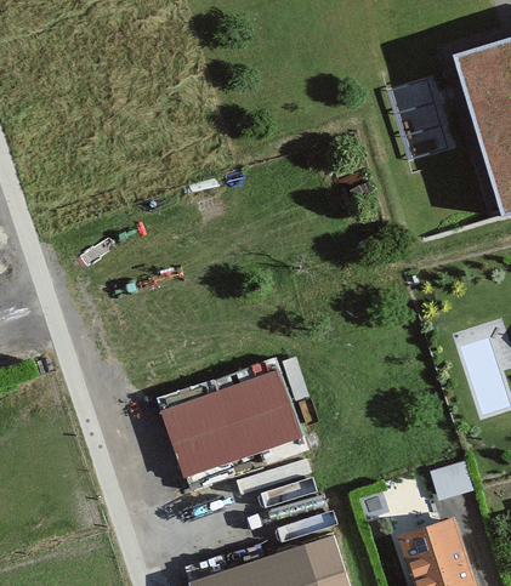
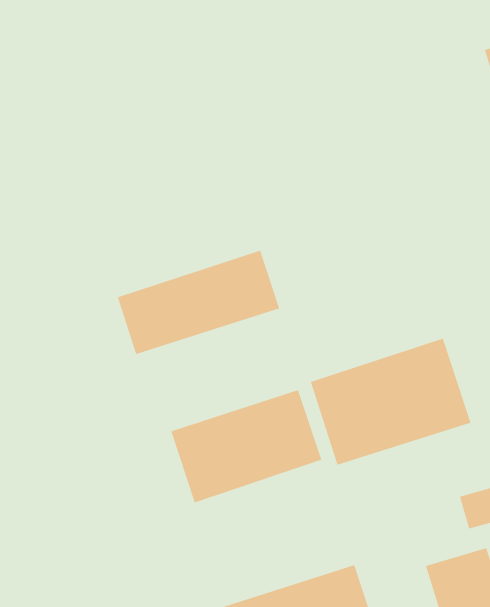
building: none -> [117,250,280,355]
building: none -> [310,338,471,466]

